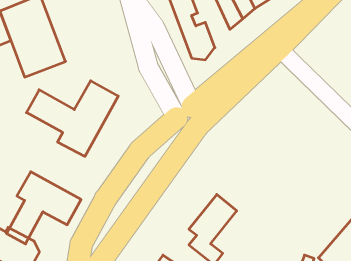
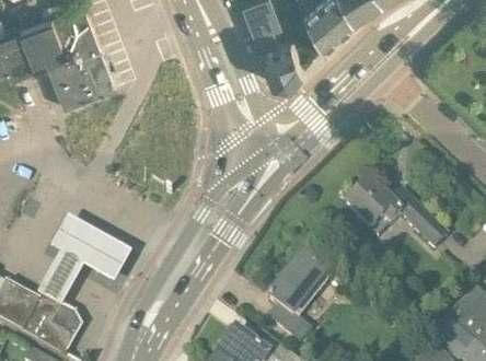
building: [26,81,118,156] -> none
building: none -> [348,183,448,247]

